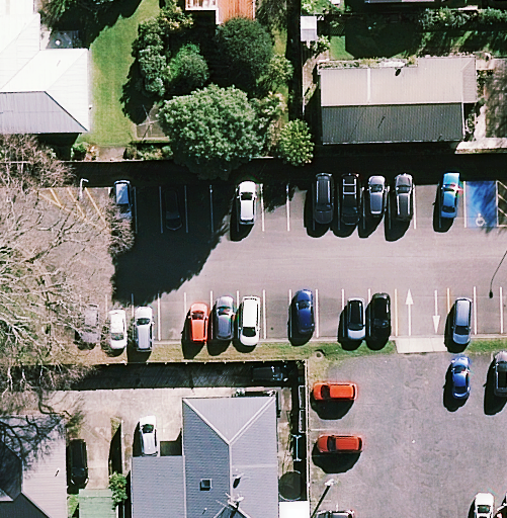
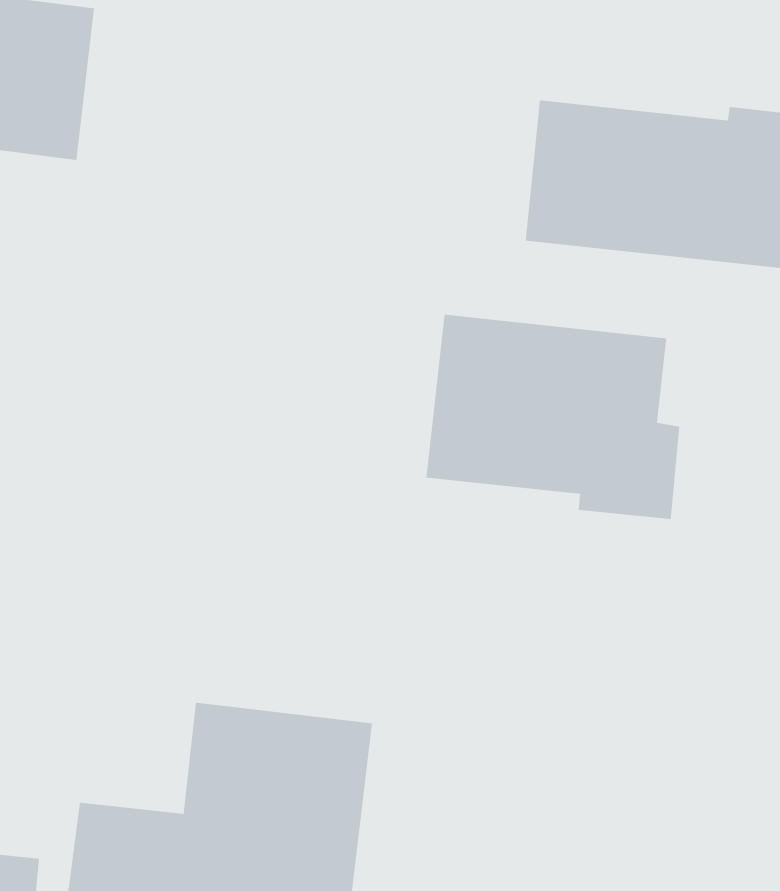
building: none -> [426,314,680,520]

